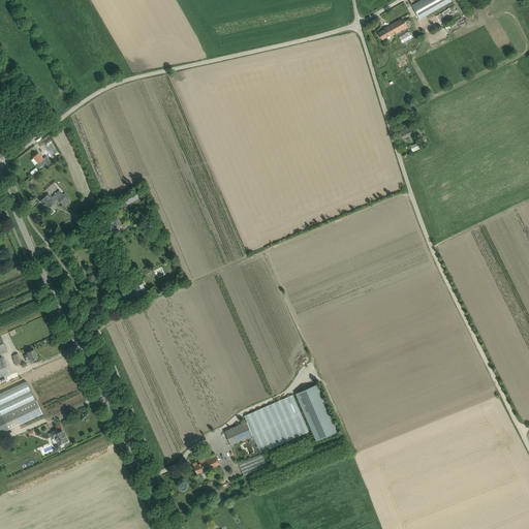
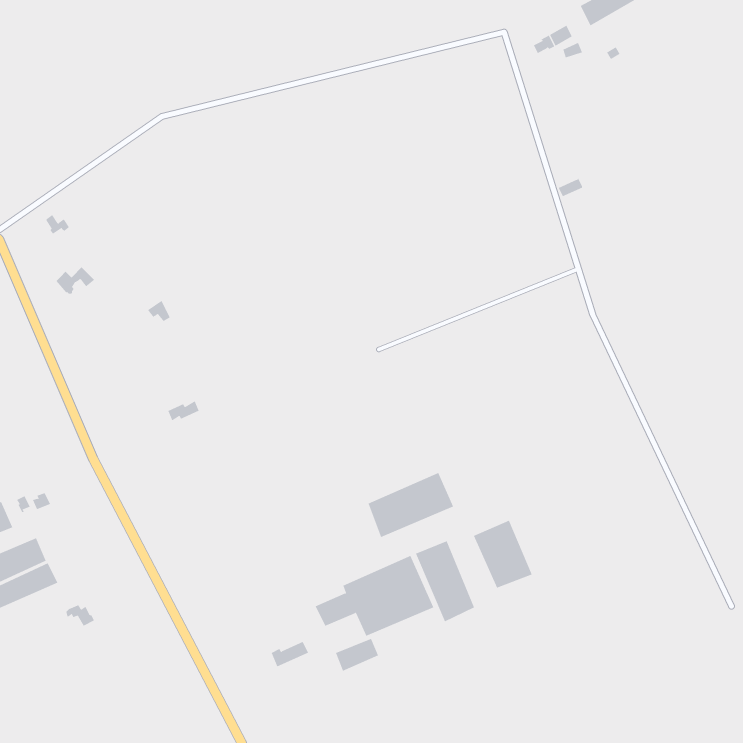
building: none -> [368,472,454,538]
building: none -> [473,520,532,589]

